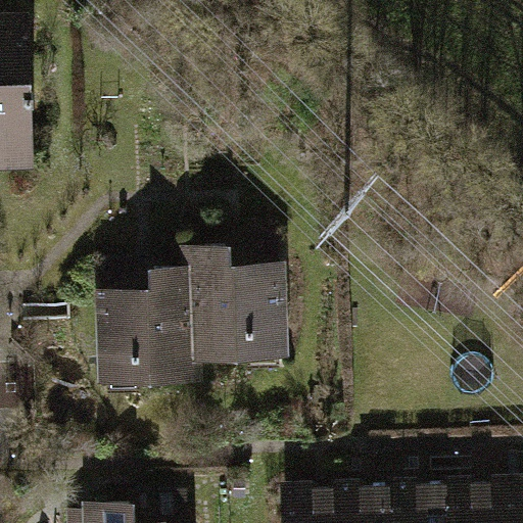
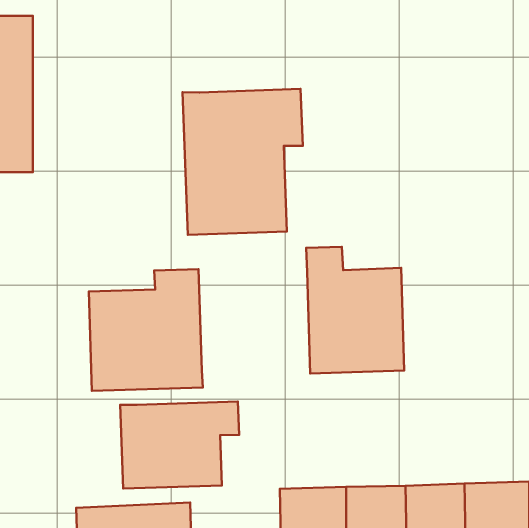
building: none -> [183,89,303,235]
building: [191,247,286,370] -> [306,247,404,374]
building: none -> [120,402,239,489]

